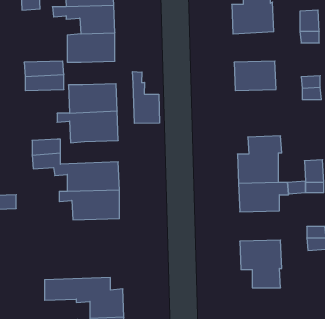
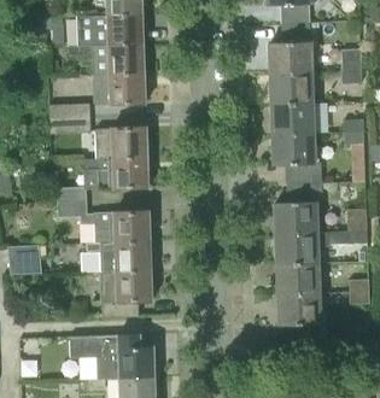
building: none -> [270,72,315,105]
building: [133,72,159,123] -> none
building: none -> [273,134,321,185]
building: none -> [277,263,321,295]
building: none -> [100,271,151,318]

